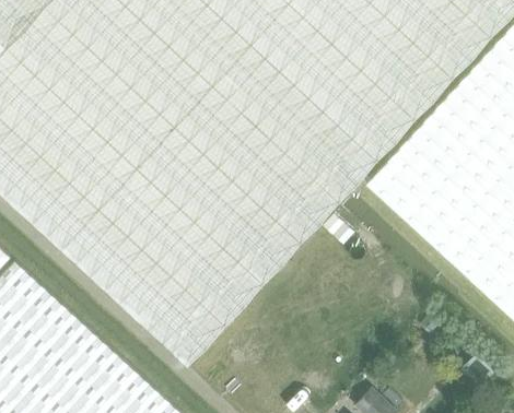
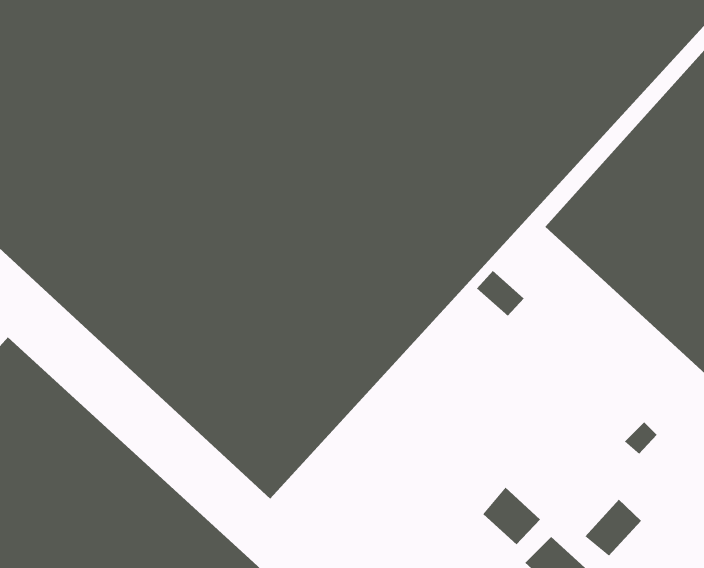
building: none -> [482,487,541,545]
building: none -> [585,499,642,557]

